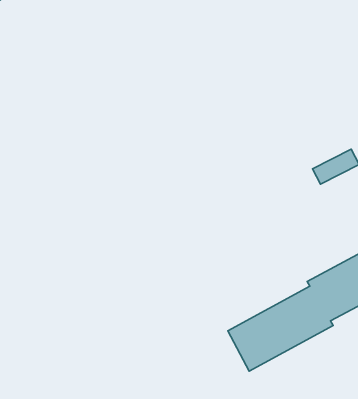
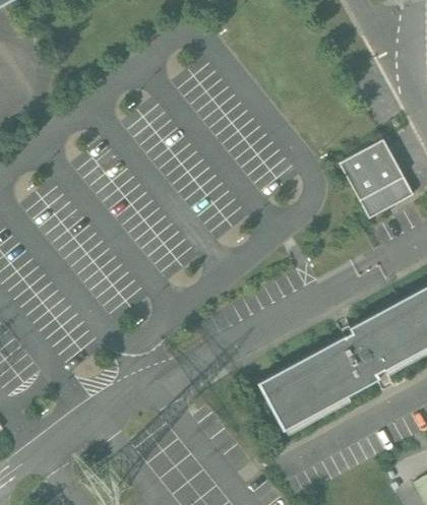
building: none -> [339,139,402,199]

